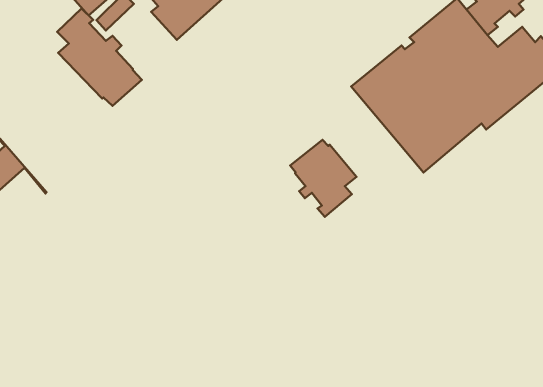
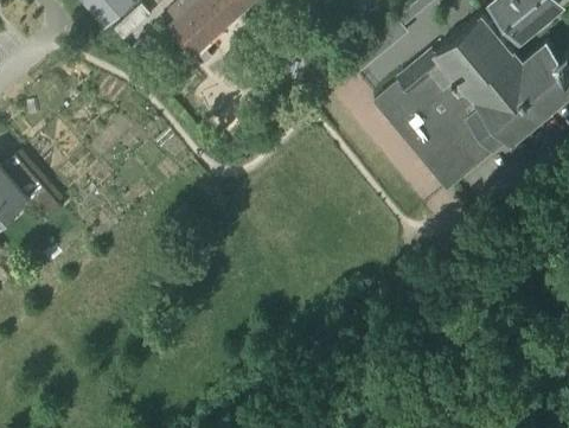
building: [57,8,142,106] -> none
building: [290,140,356,217] -> none

